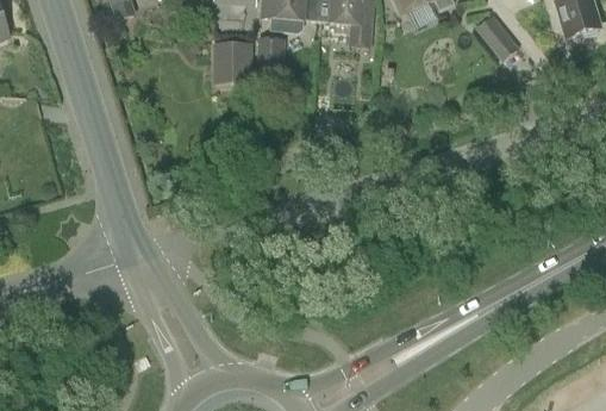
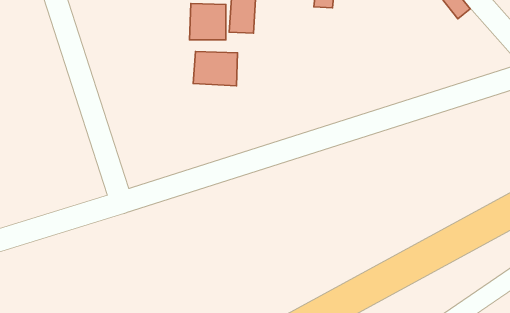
building: none -> [193,52,237,86]

